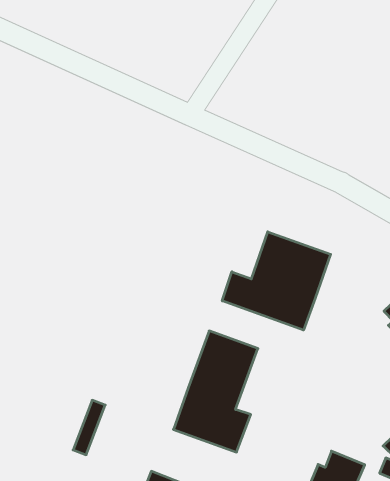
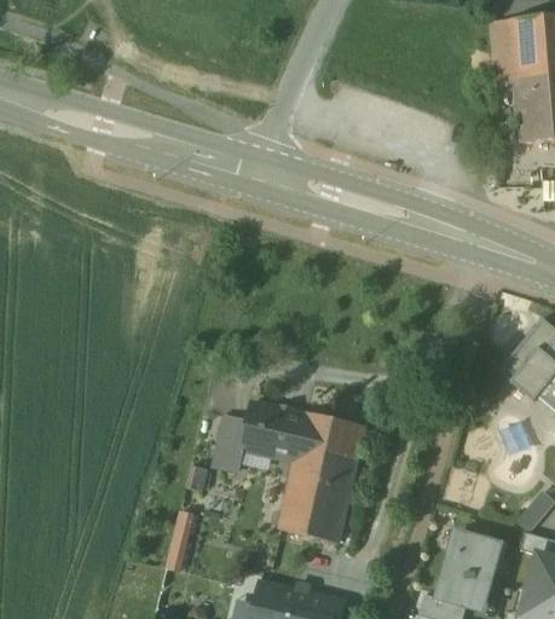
building: [222,232,331,330] -> none
building: none -> [213,403,306,480]

